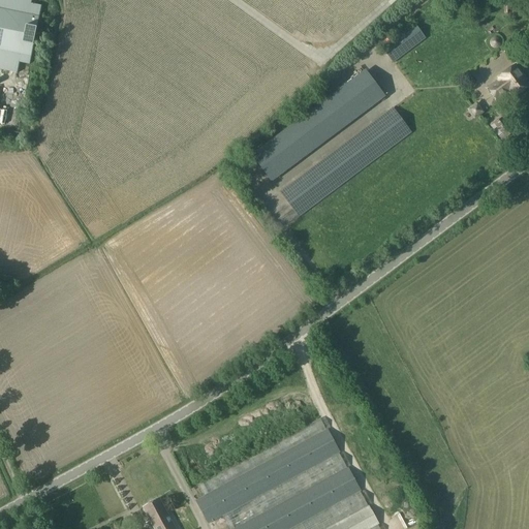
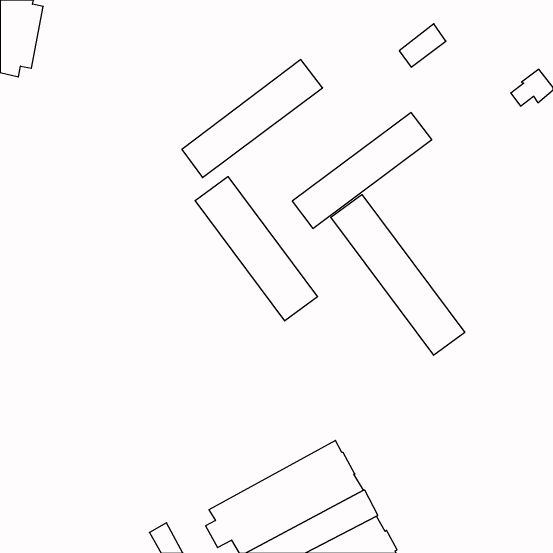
building: [251,70,385,183] -> [182,60,323,178]
building: none -> [195,177,318,321]
building: none -> [331,195,465,355]

